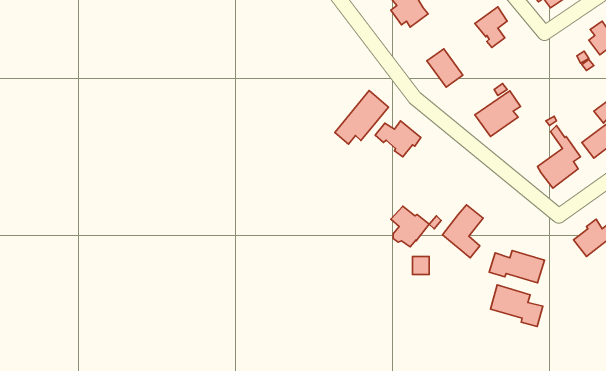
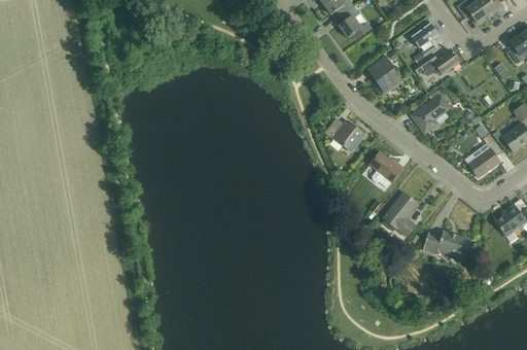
building: none -> [413,49,459,75]
building: [335,91,388,144] -> none
building: [391,206,429,247] -> [370,151,402,186]
building: [490,285,543,327] -> none

